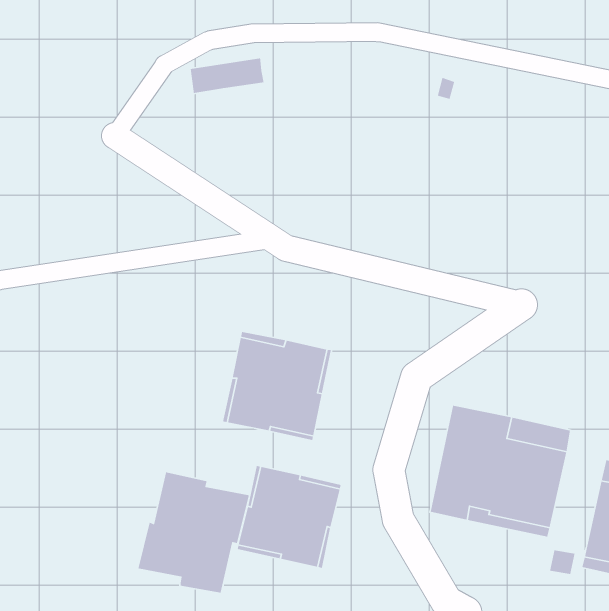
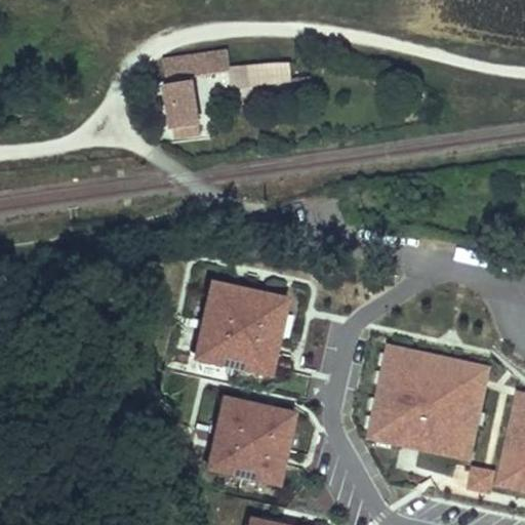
building: none -> [228,56,293,86]
building: none -> [169,76,203,135]
building: [137,472,250,593] -> none

